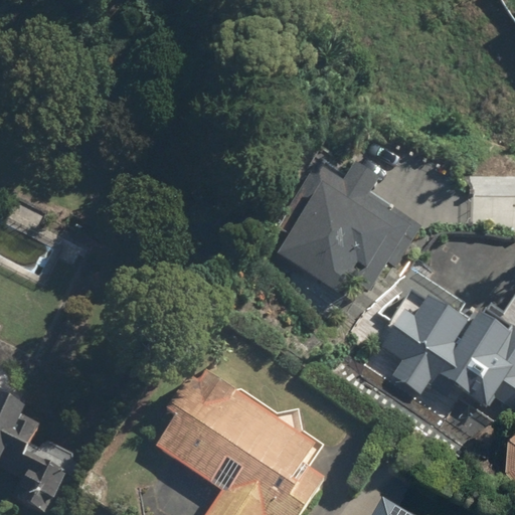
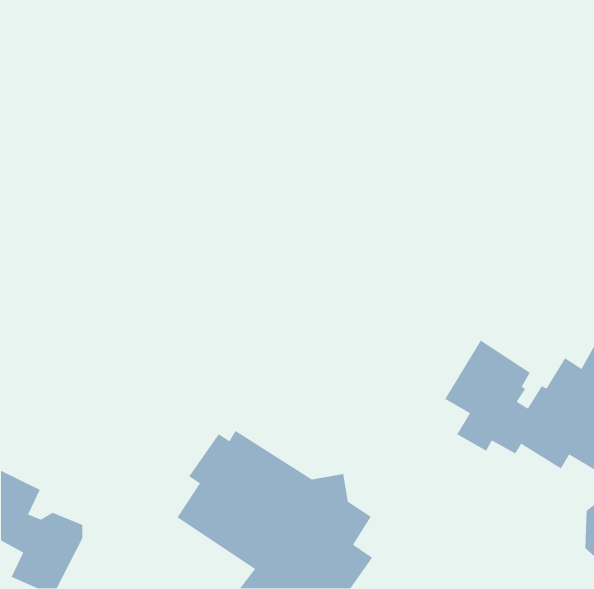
building: [269,168,409,305] -> none

